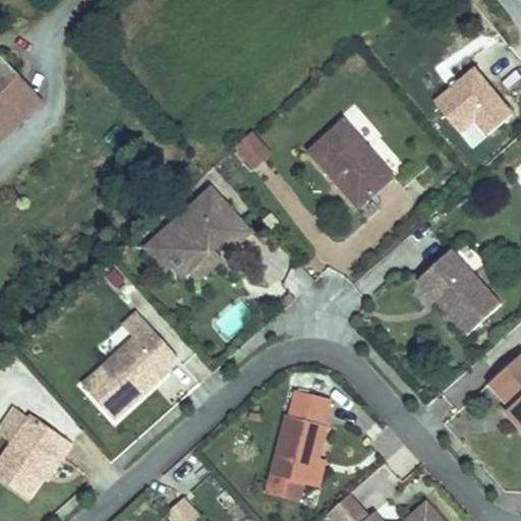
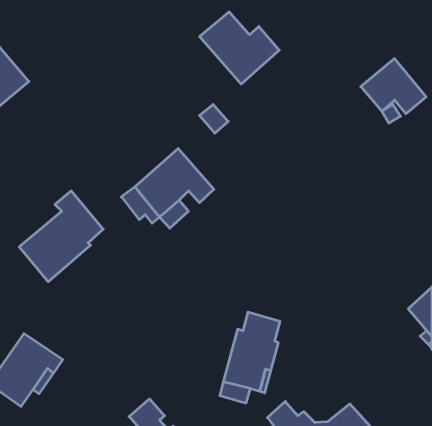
building: [307,124,403,211] -> [200,12,279,84]
building: [420,247,507,334] -> none
building: [76,309,177,418] -> [19,191,103,282]

